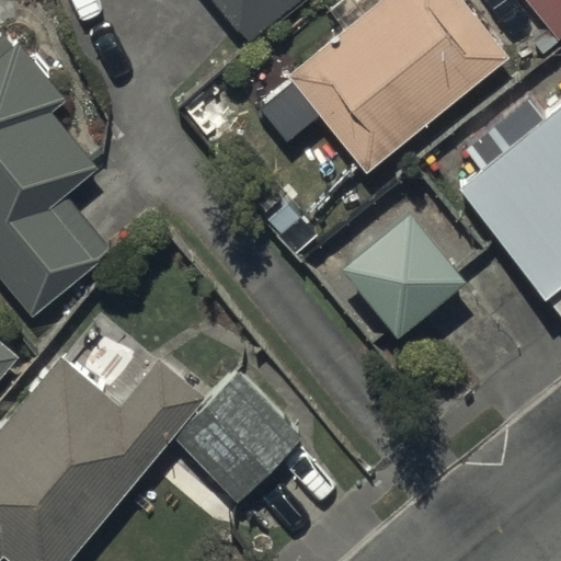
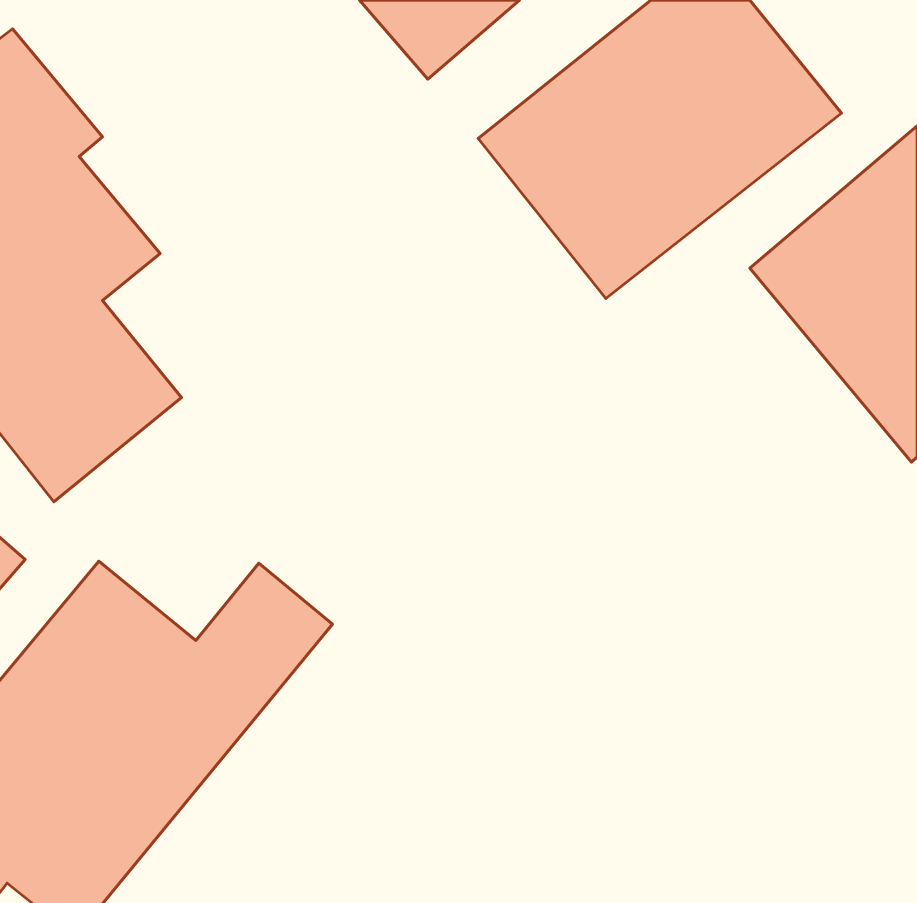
building: [354,239,477,362] -> none
building: [171,367,304,500] -> none

